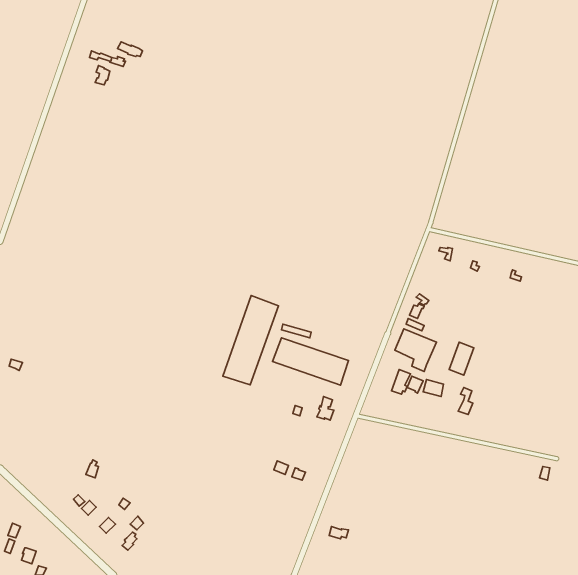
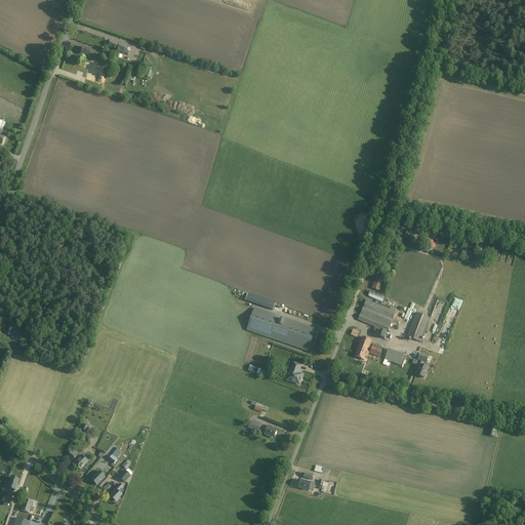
building: [223,295,279,385] -> none

